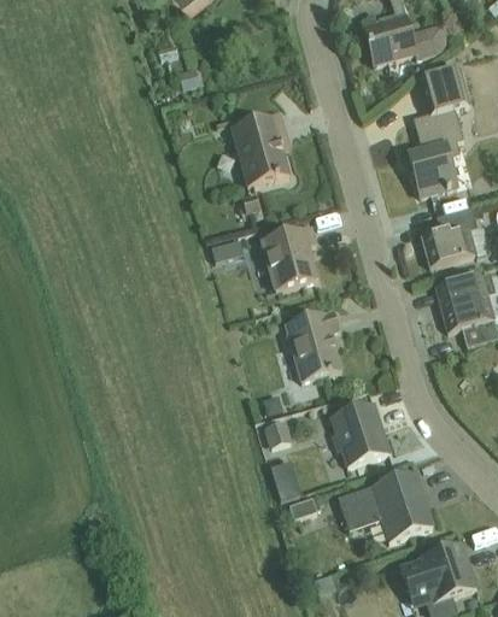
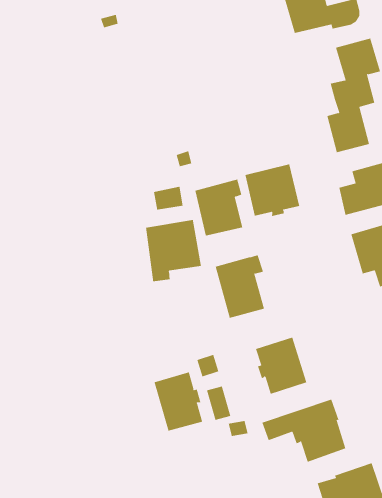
building: [230,111,288,184] -> none
building: none -> [245,164,300,217]
building: none -> [145,219,201,282]
building: none -> [154,372,203,432]

